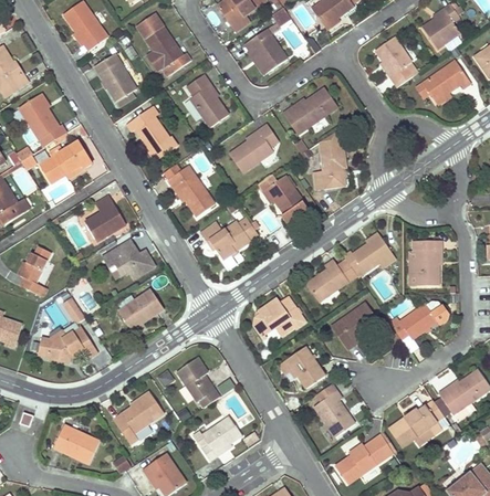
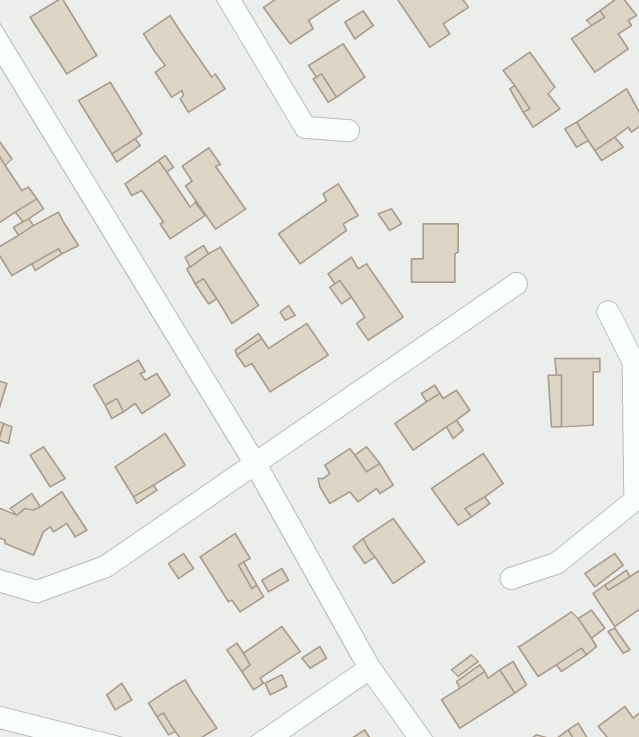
building: [189,73,231,127] -> [182,148,246,229]
building: [285,88,337,134] -> none
building: [85,196,126,243] -> none
building: [341,230,390,271] -> none
building: [388,303,449,344] -> none
building: [112,390,161,444] -> none
building: [312,390,353,437] -> none
building: [52,423,97,462] -> none

